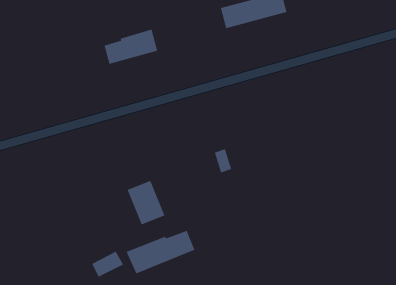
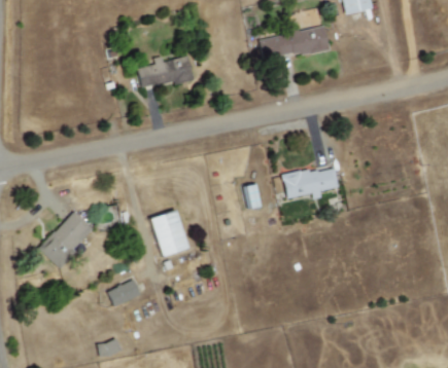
building: none -> [282,165,338,198]
building: none -> [38,211,94,268]
building: [125,230,196,275] -> none

